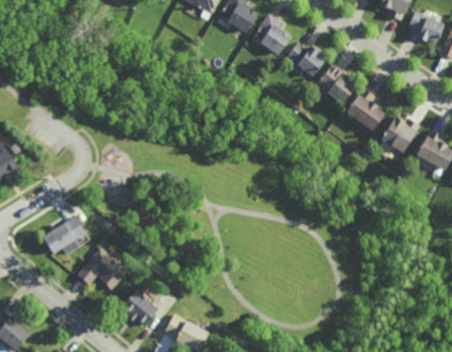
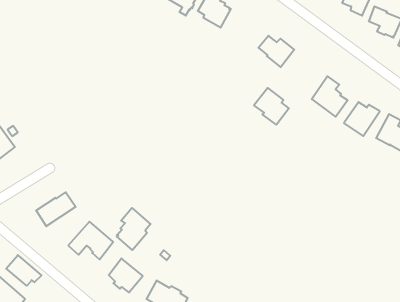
building: [253,14,291,57] -> none
building: [317,65,356,105] -> [254,88,289,125]
building: none -> [117,208,151,250]
building: none -> [6,255,41,286]

